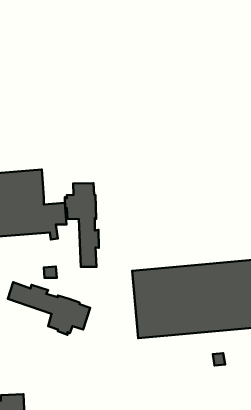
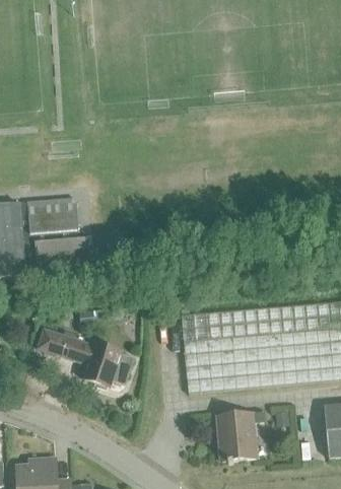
building: [65,183,99,267] -> none
building: none -> [218,410,265,462]

